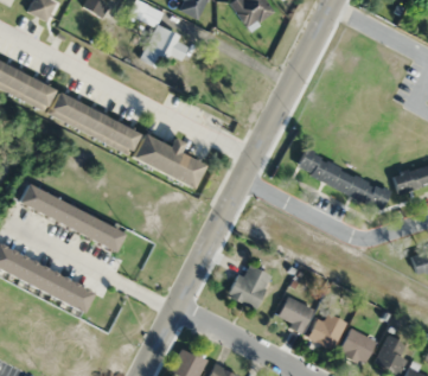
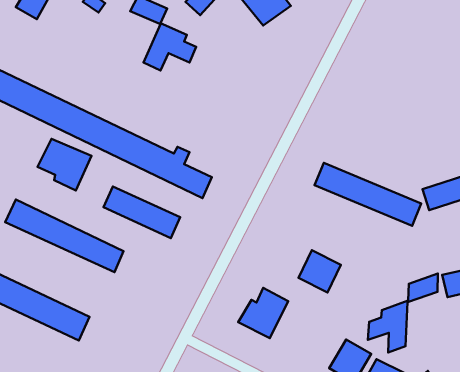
building: none -> [38,139,92,191]
building: none -> [103,186,180,238]
building: none -> [368,273,438,353]
building: [275,295,313,333] -> [299,250,341,292]

